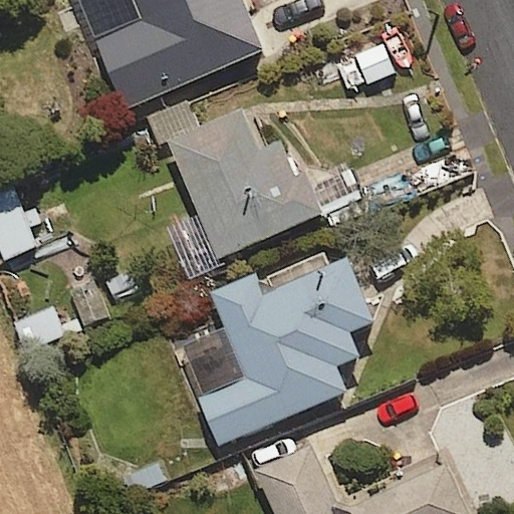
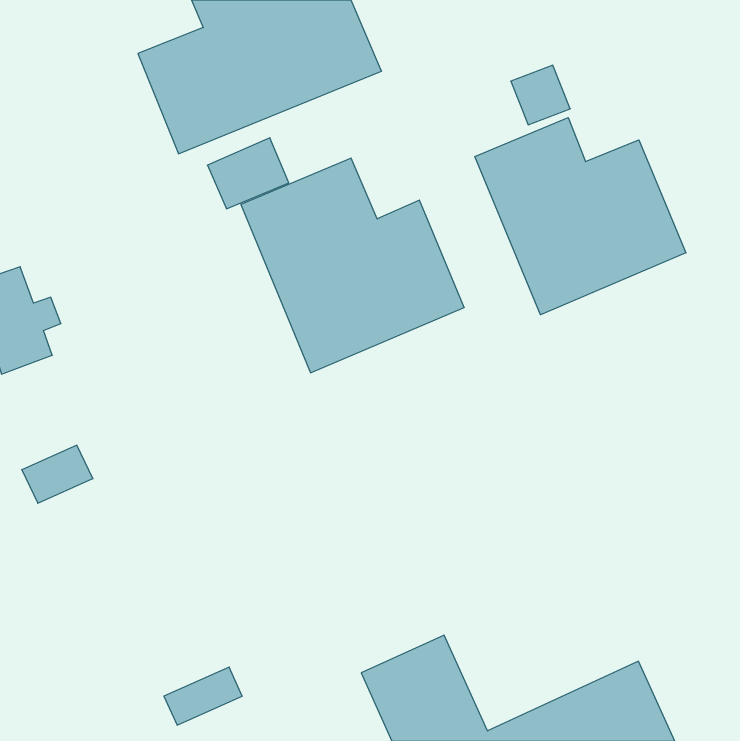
building: none -> [475,118,686,315]
building: [194,259,373,446] -> none

